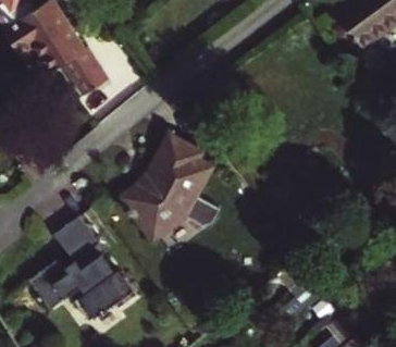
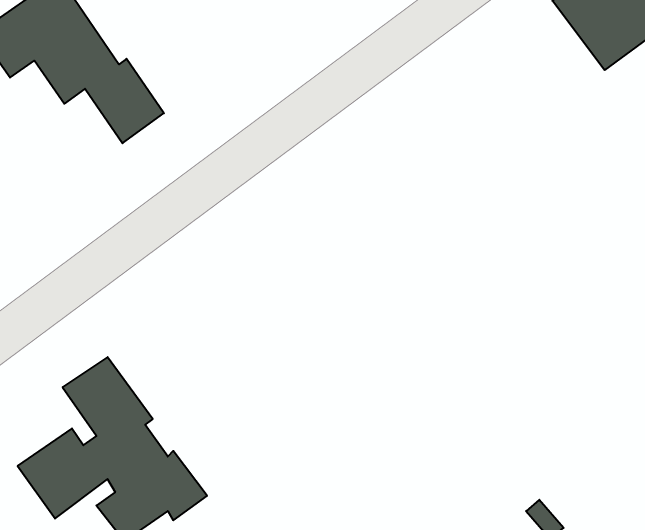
building: [120,129,219,236] -> none

